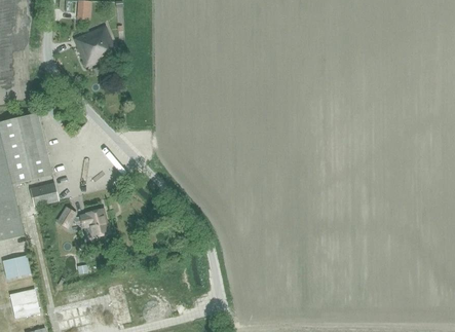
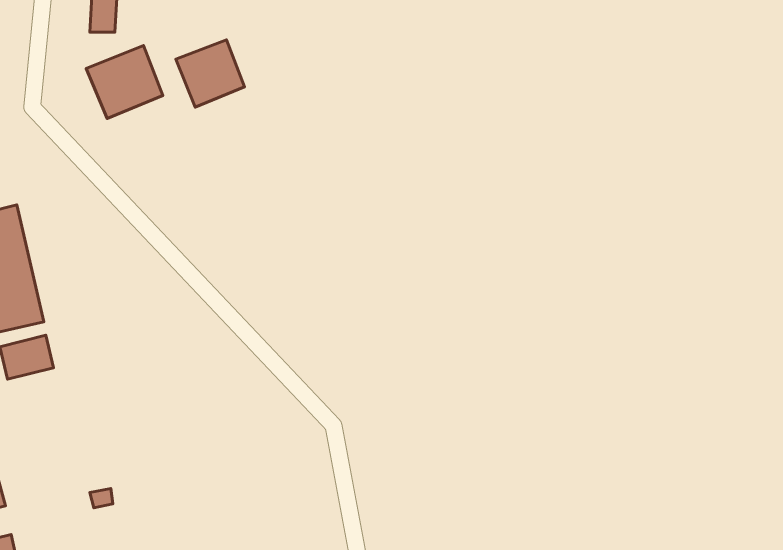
building: none -> [176,40,245,107]
building: [55,206,106,236] -> none

